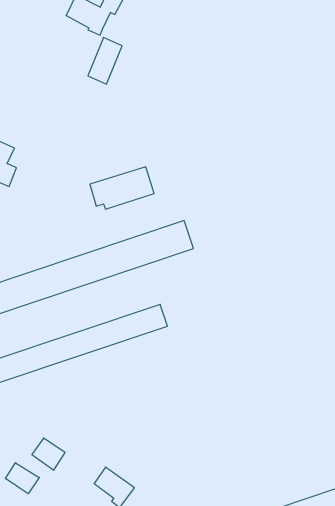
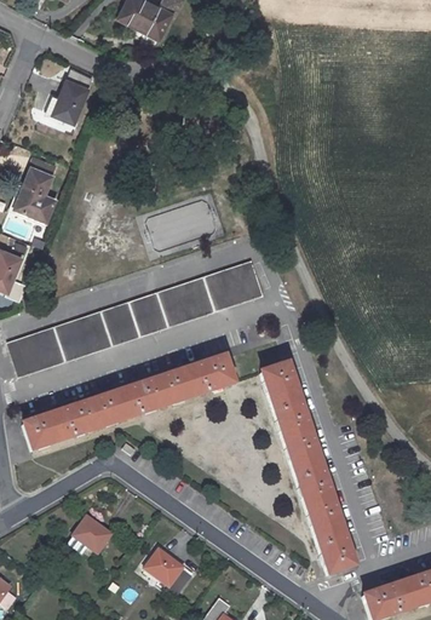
building: [88,37,122,84] -> [53,68,93,122]
building: none -> [262,366,354,574]
building: [5,463,39,494] -> none

